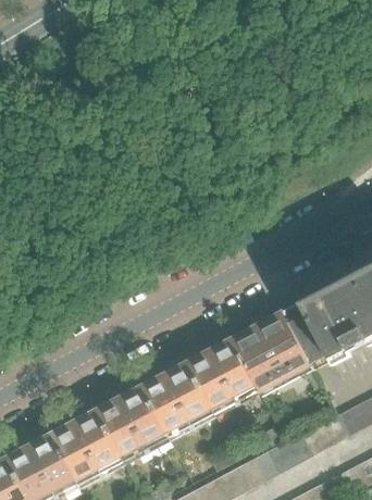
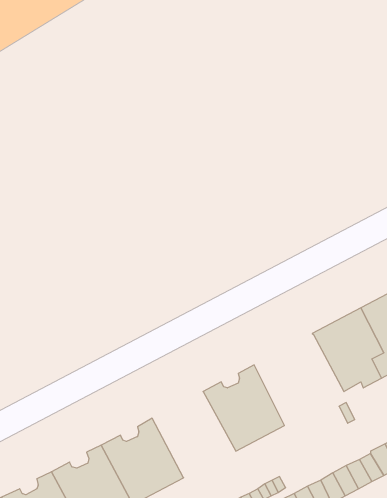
building: [231,310,311,393] -> none
building: [139,362,214,439] -> none

